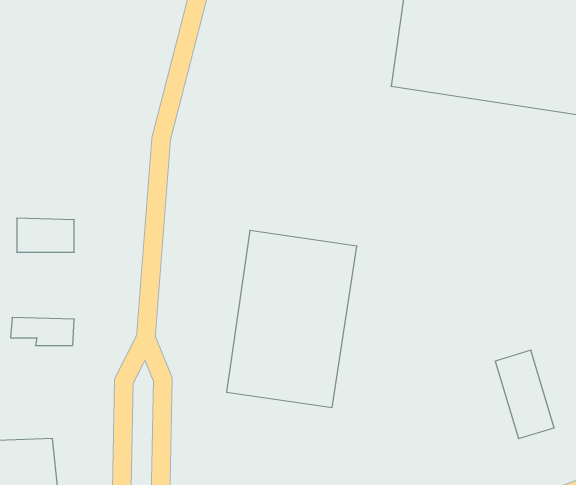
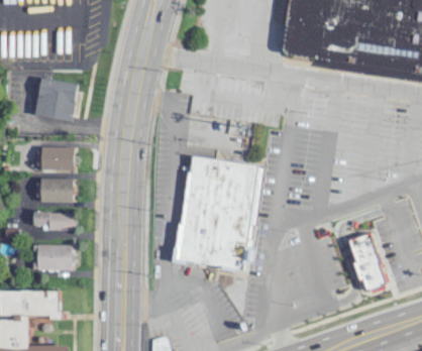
building: none -> [33,76,78,120]
building: none -> [36,178,73,200]
building: none -> [32,244,72,269]

